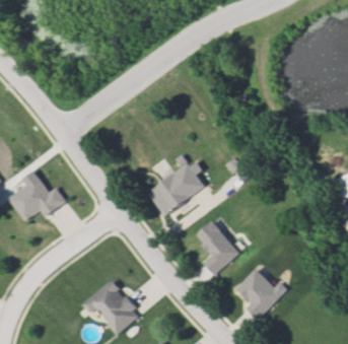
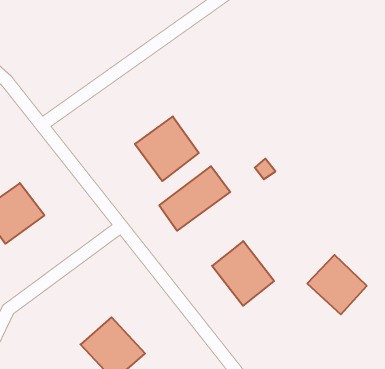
building: none -> [135,116,199,181]
building: [237,269,284,316] -> [307,255,367,314]

